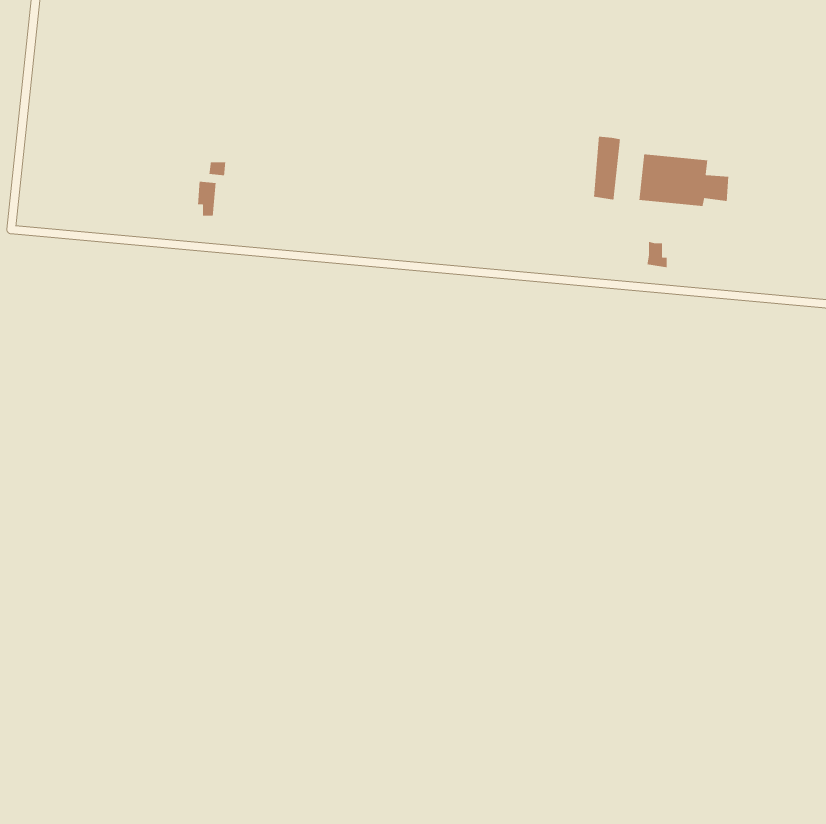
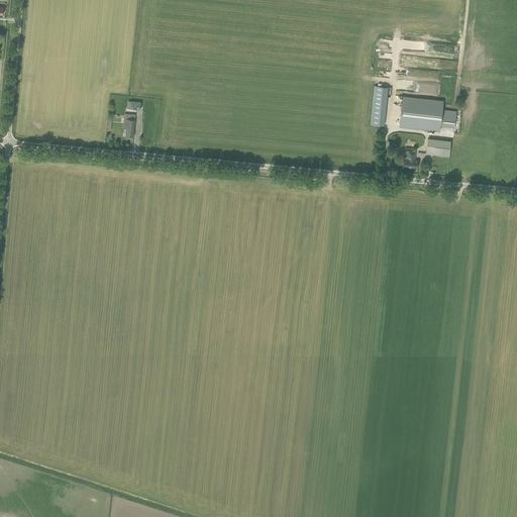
building: none -> [426,139,450,158]

